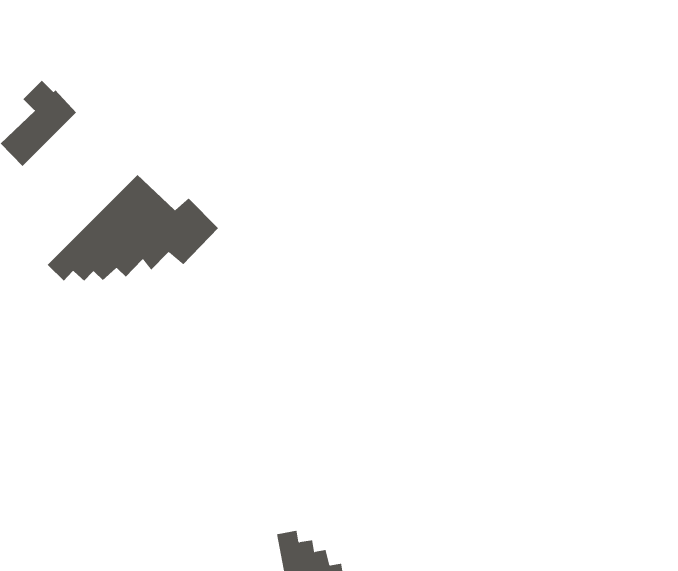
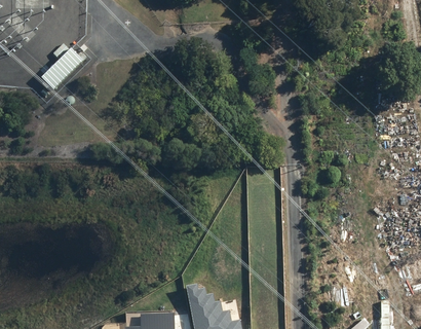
building: [47,174,219,282] -> none

